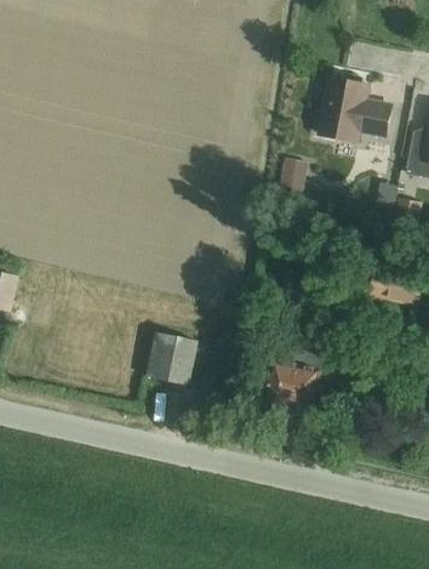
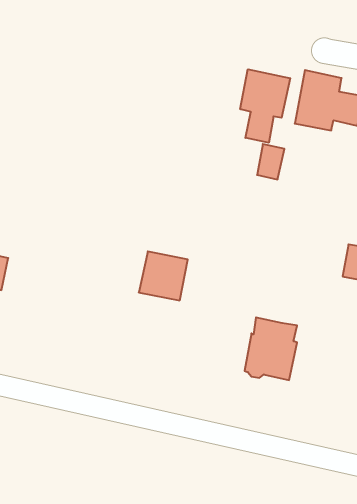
building: none -> [240,69,290,143]
building: [144,332,196,385] -> [139,251,188,300]

